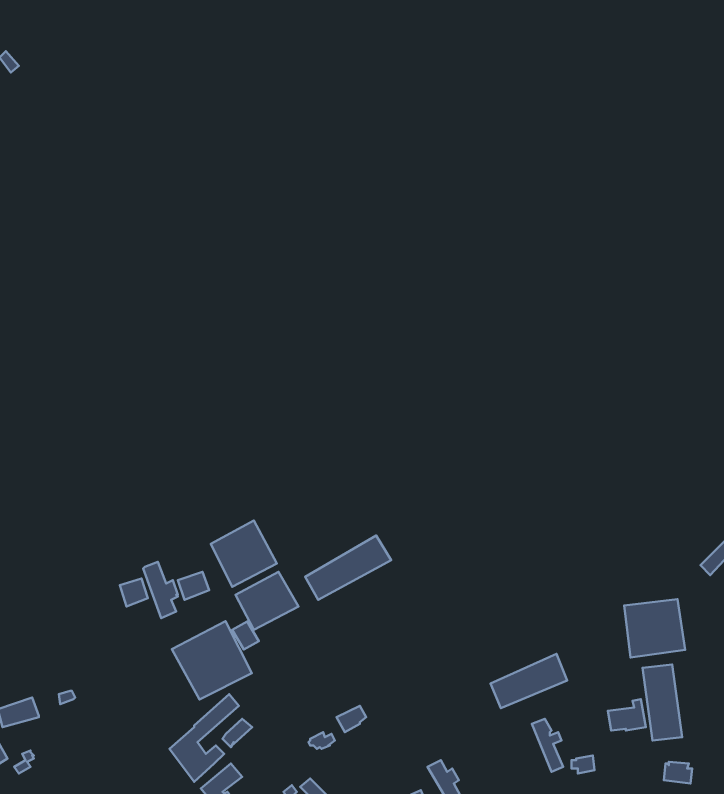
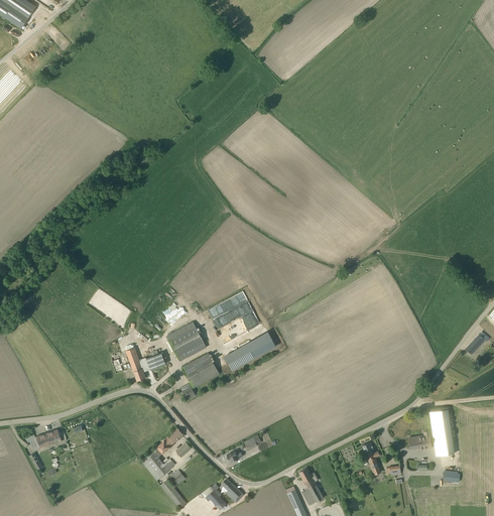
building: none -> [214,290,259,335]
building: [624,599,685,657] -> none
building: [172,621,252,700] -> none
building: [490,654,567,708] -> none

